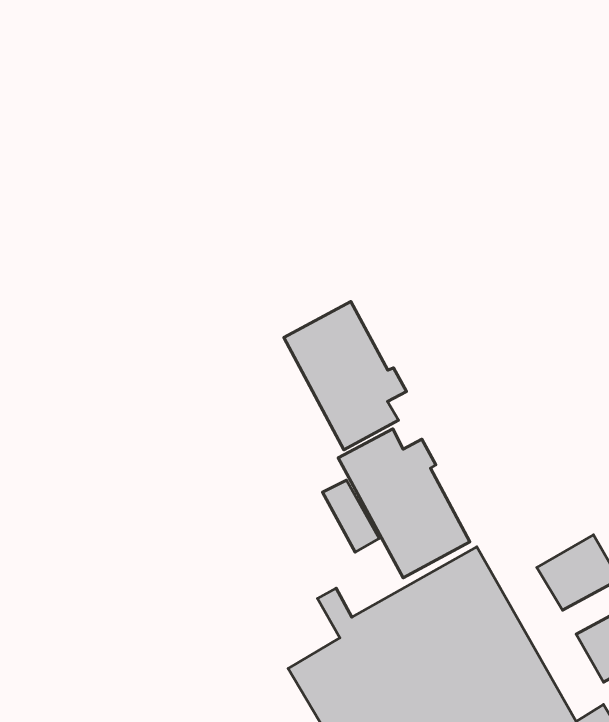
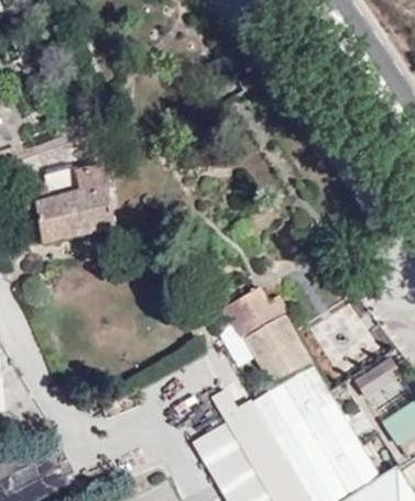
building: none -> [18,169,120,241]
building: [284,302,407,450] -> none

